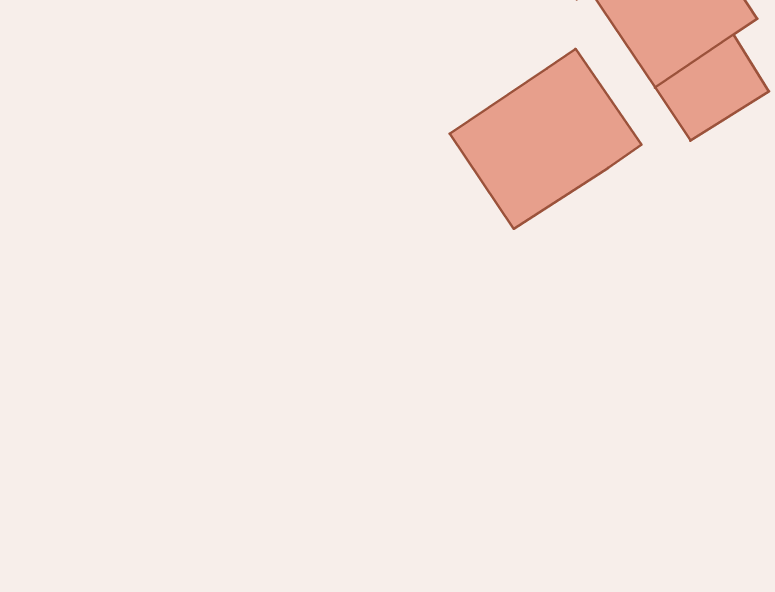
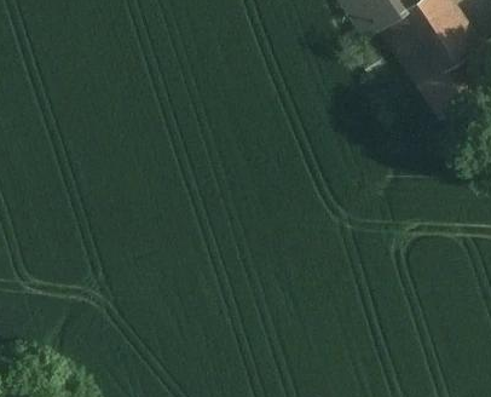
building: [450,49,641,229] -> none

